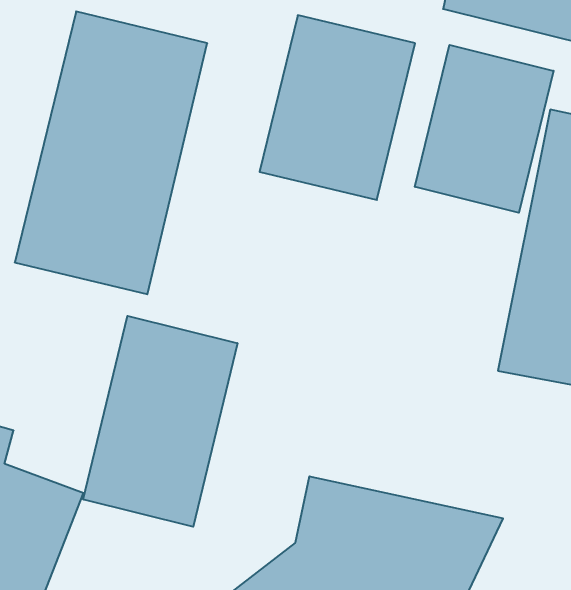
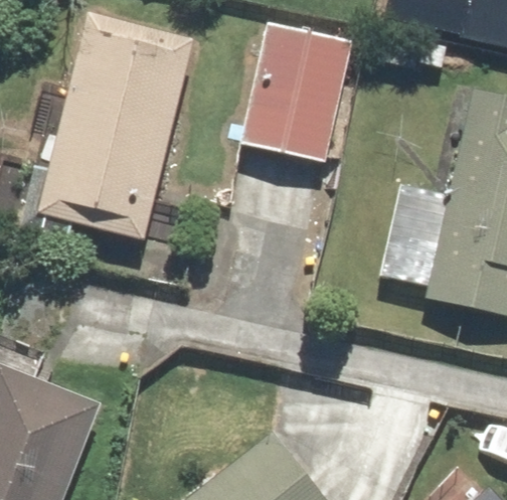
building: [415,45,554,213] -> none
building: [83,316,237,527] -> none

